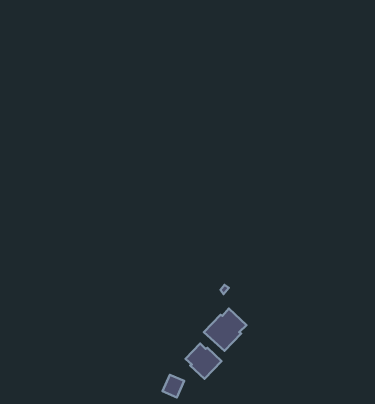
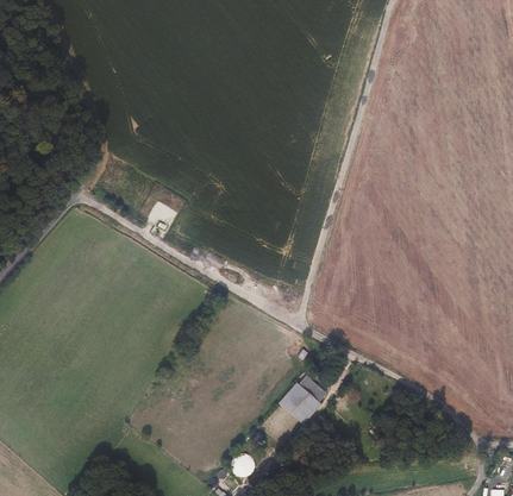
building: [186,343,222,379] -> none

